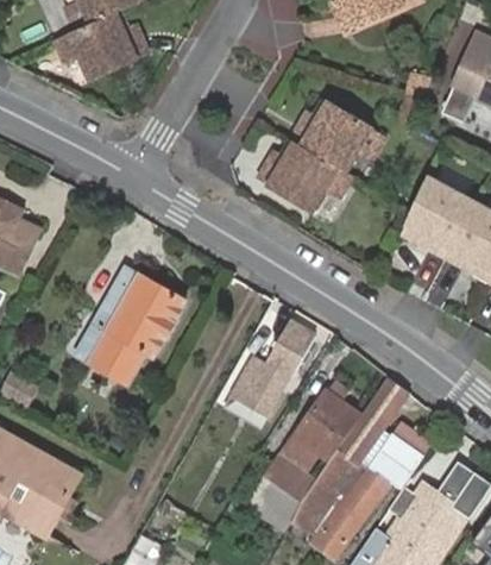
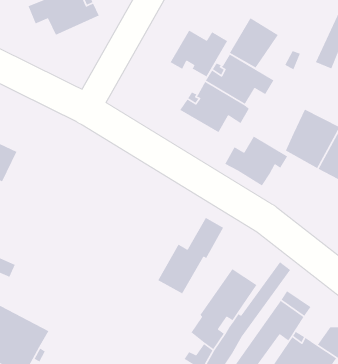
building: none -> [229,17,279,69]
building: none -> [169,29,228,77]
building: none -> [224,136,288,186]
building: [76,268,185,385] -> none

